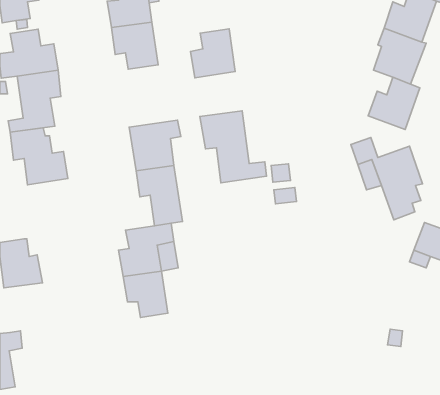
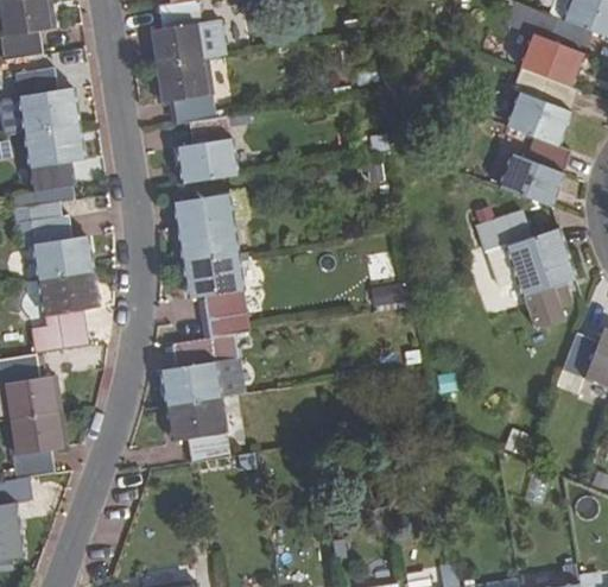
building: [191,29,235,78] -> [176,115,236,182]
building: [200,111,267,183] -> none
building: none -> [28,271,97,353]
building: none -> [6,412,63,480]

